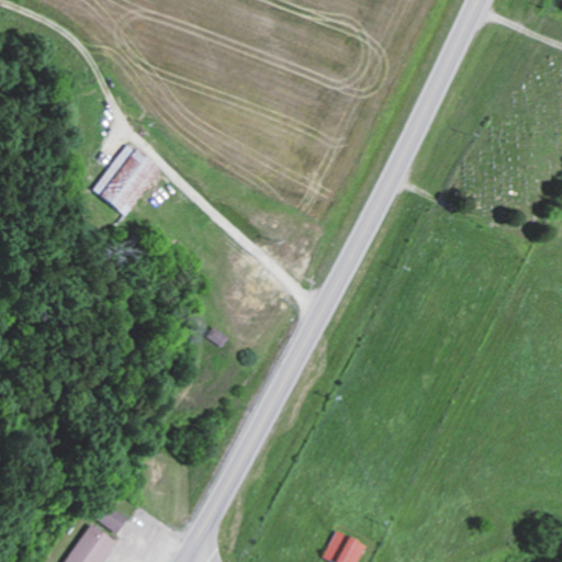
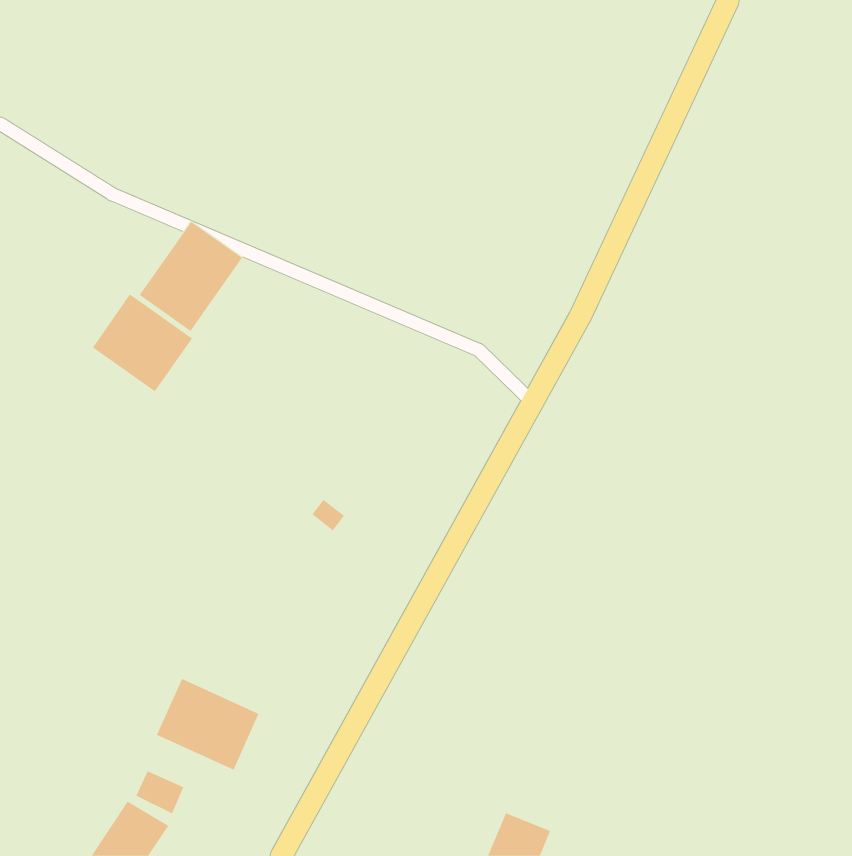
building: none -> [92,294,193,392]
building: none -> [156,678,259,770]

